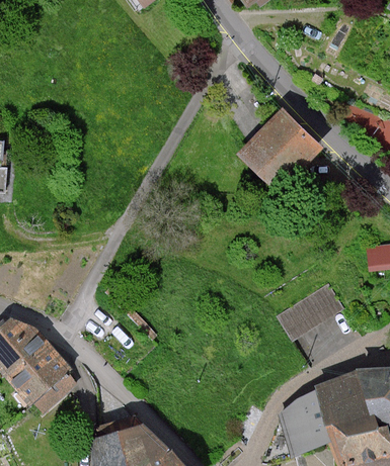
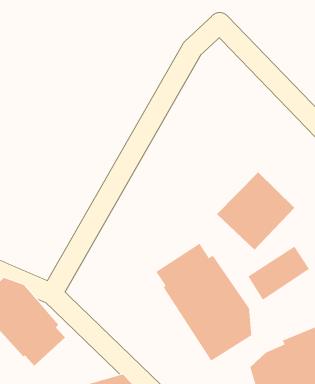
building: [240,108,326,194] -> [216,172,295,251]
building: none -> [156,243,252,362]

